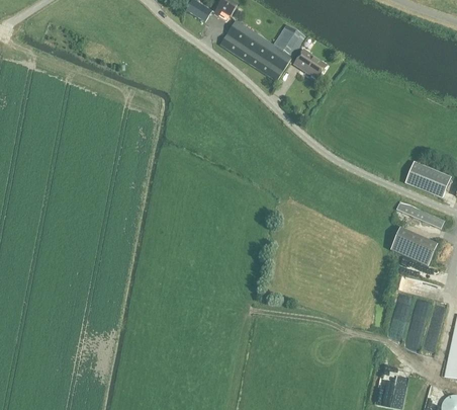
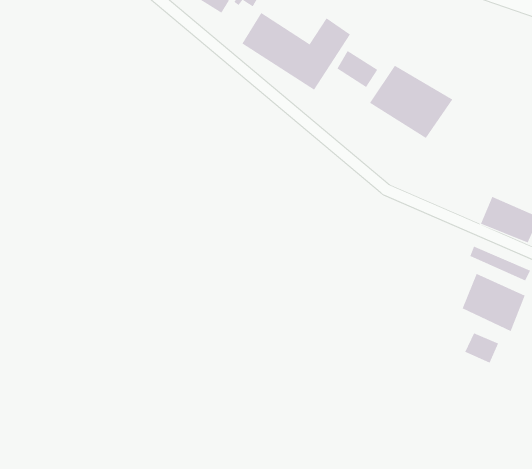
building: none -> [369,65,453,139]
building: none -> [464,333,499,363]

